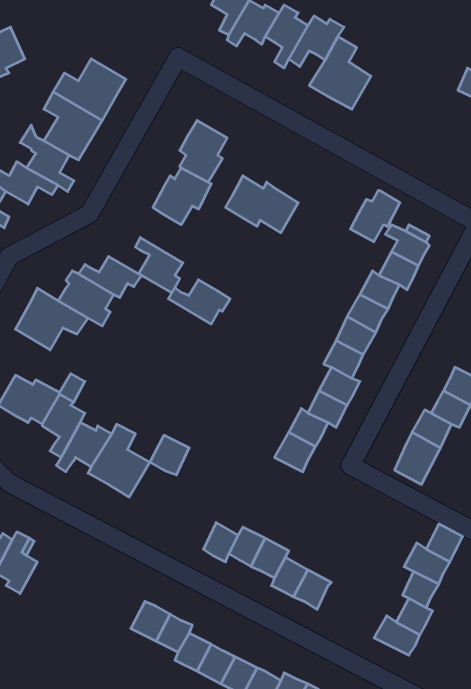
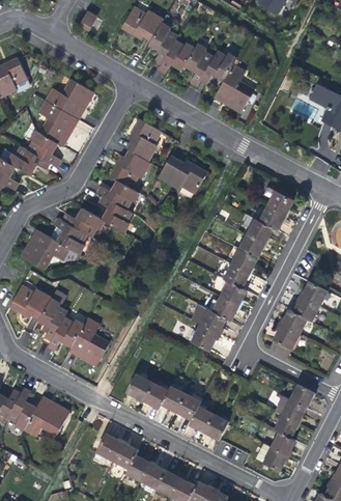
building: [350,190,400,242] -> none
building: [168,280,230,324] -> [97,180,138,210]
building: [150,435,189,475] -> [126,374,152,400]
building: none -> [24,397,68,437]

